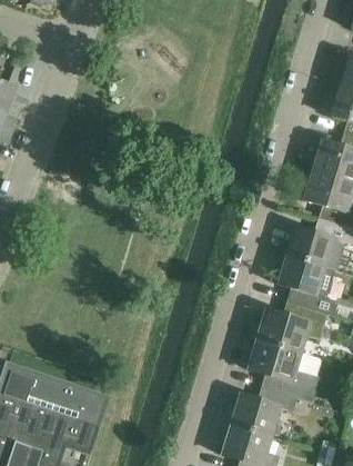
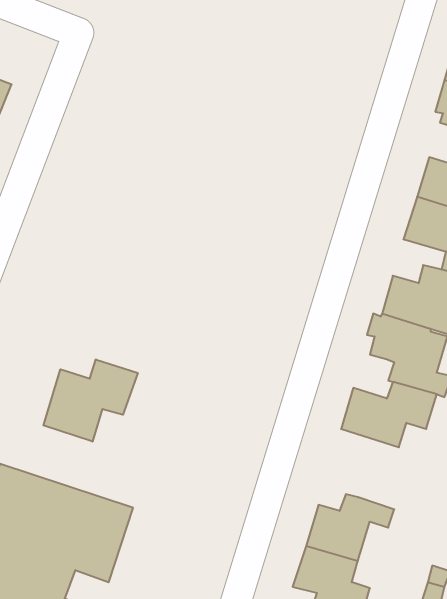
building: none -> [43,359,138,442]
building: [245,336,320,401] -> none

